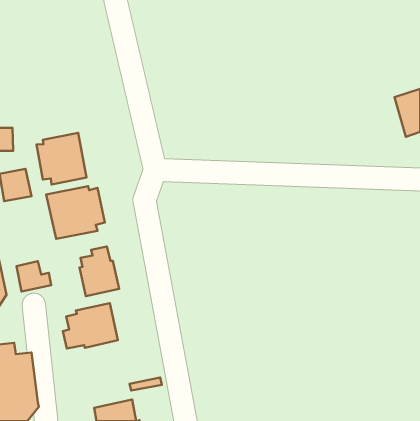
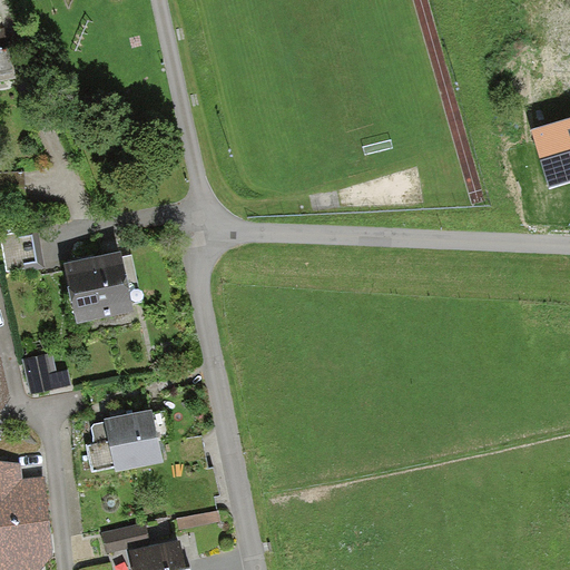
building: [36,133,86,185] -> none
building: [79,247,119,296] -> none
building: none -> [99,522,148,554]

